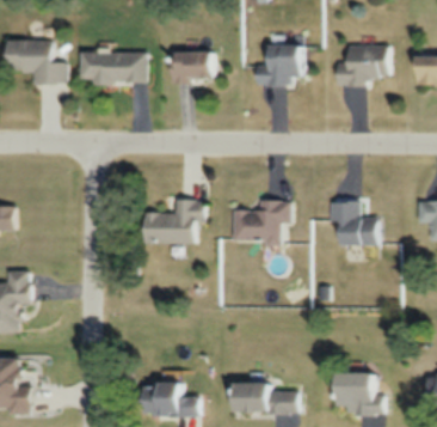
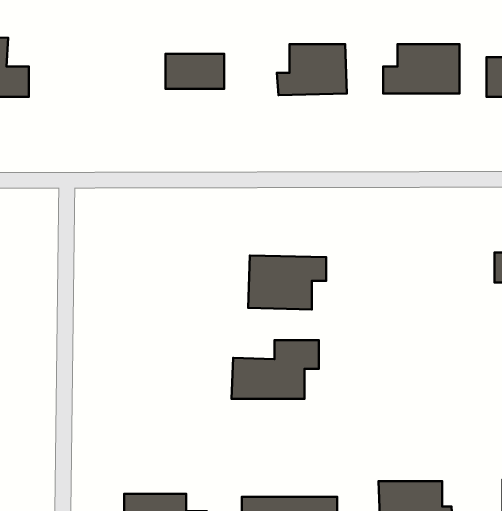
building: [79,51,148,83] -> none
building: [141,199,207,243] -> [231,340,319,399]
building: [331,201,378,245] -> none

